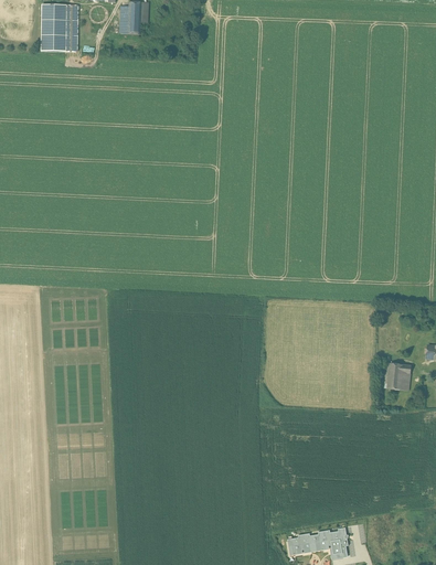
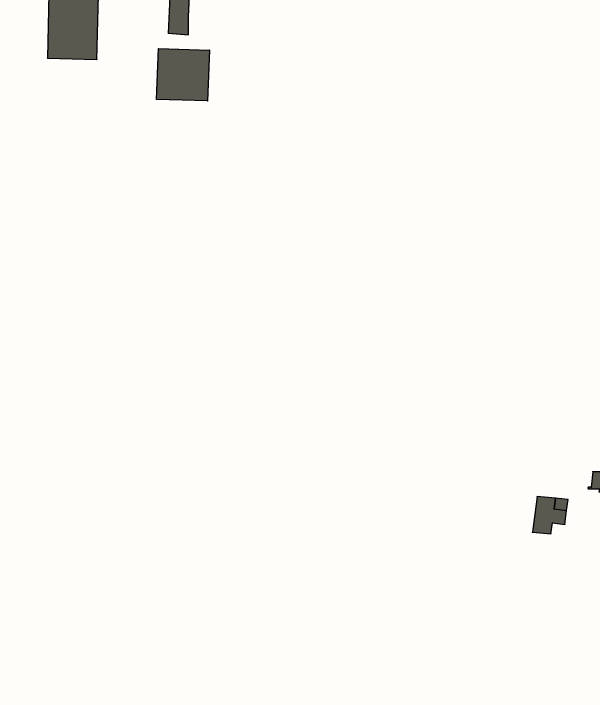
building: none -> [157,49,209,101]

